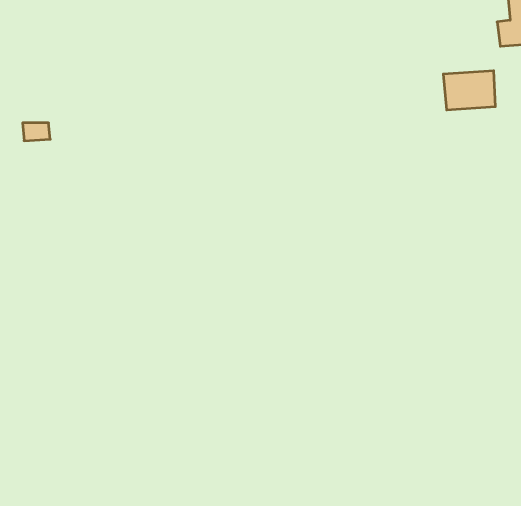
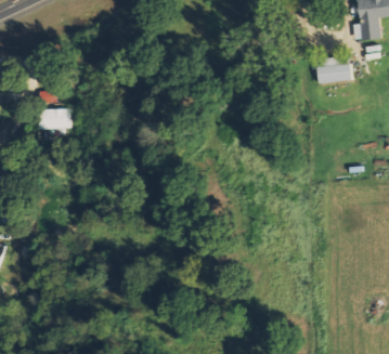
building: none -> [34,109,68,132]

